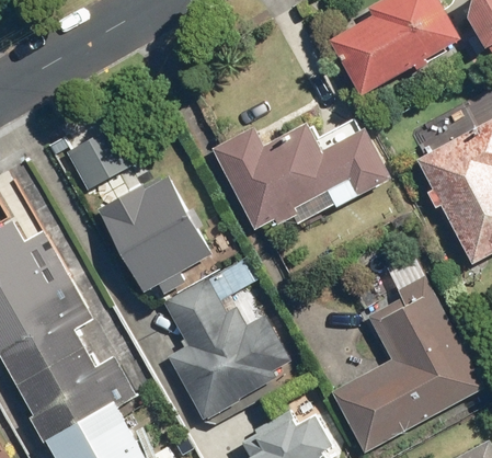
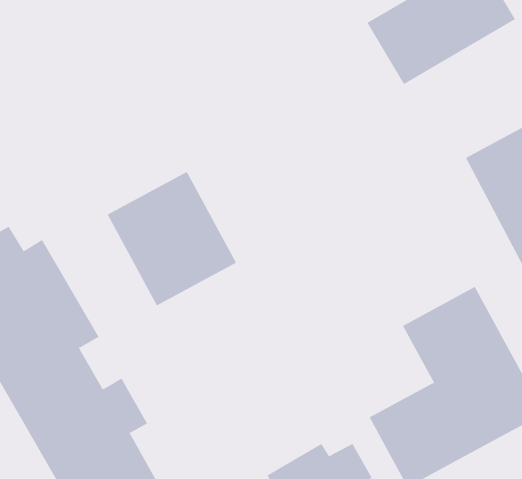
building: [211,122,391,228] -> none
building: [65,128,131,191] -> none
building: [163,279,289,420] -> none

